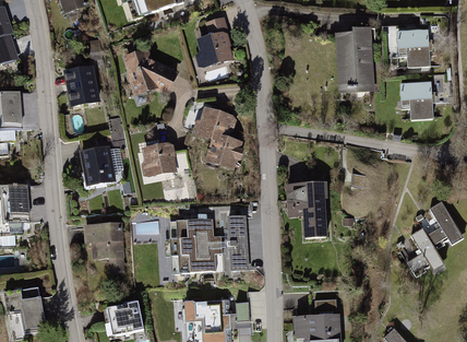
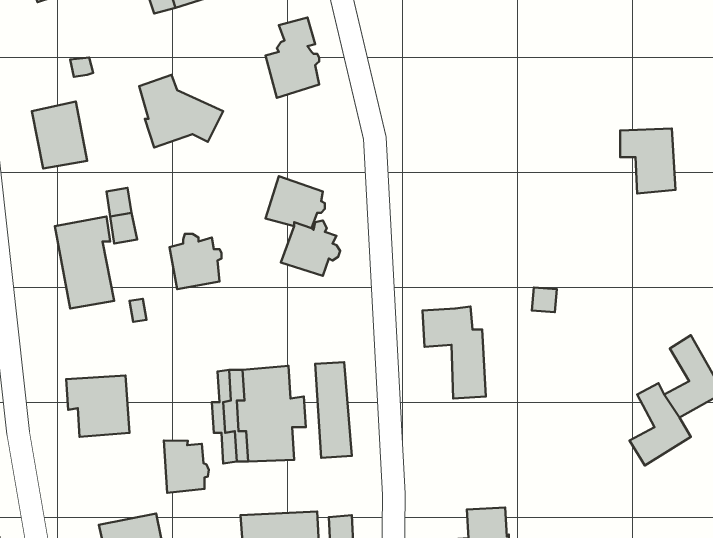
building: [337,27,371,87] -> none
building: [397,30,429,67] -> none
building: none -> [164,441,209,493]

